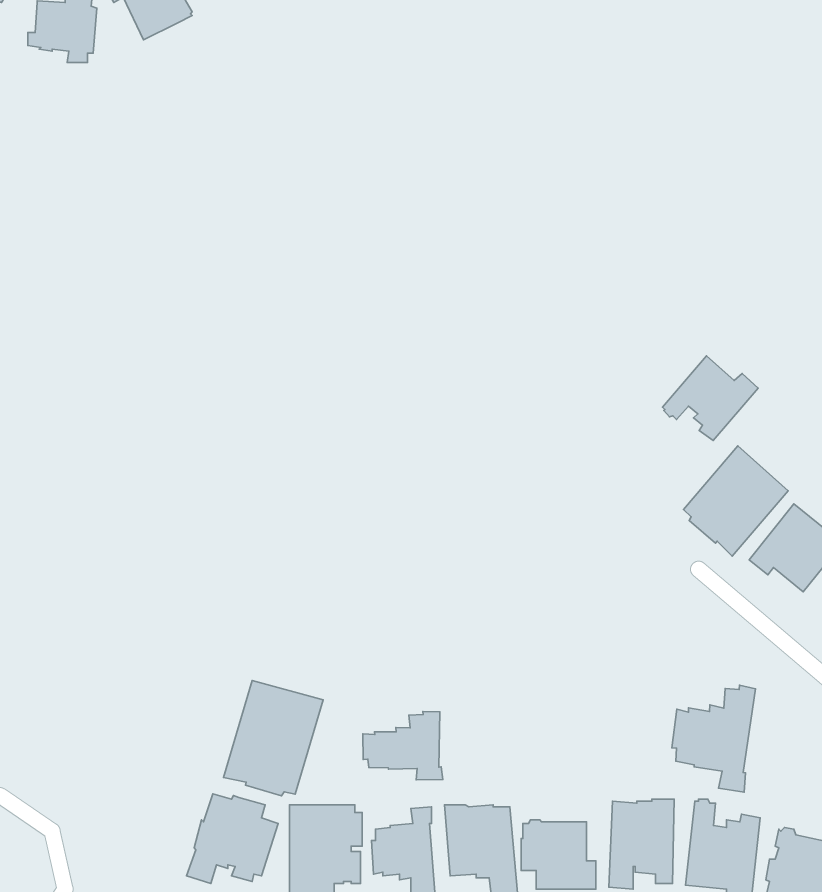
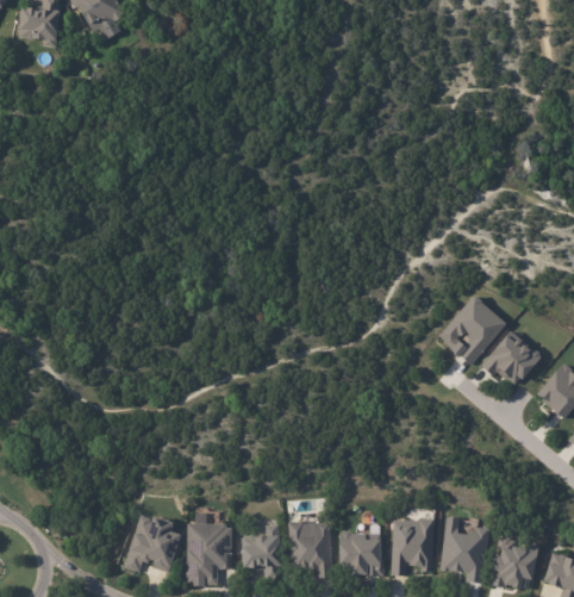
building: [663,356,758,441] -> none
building: [224,681,323,796] -> none
building: [672,685,756,792] -> none
building: [363,712,443,780] -> none

